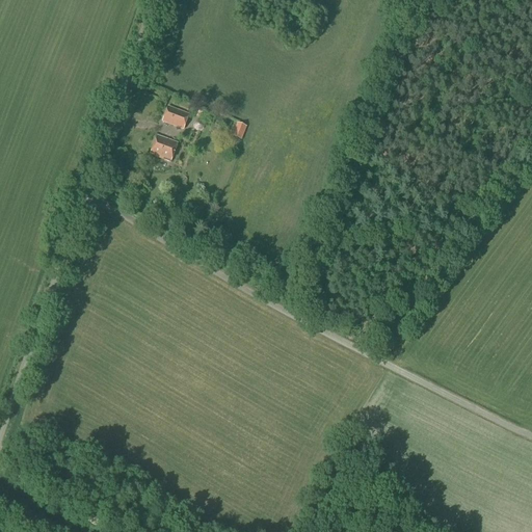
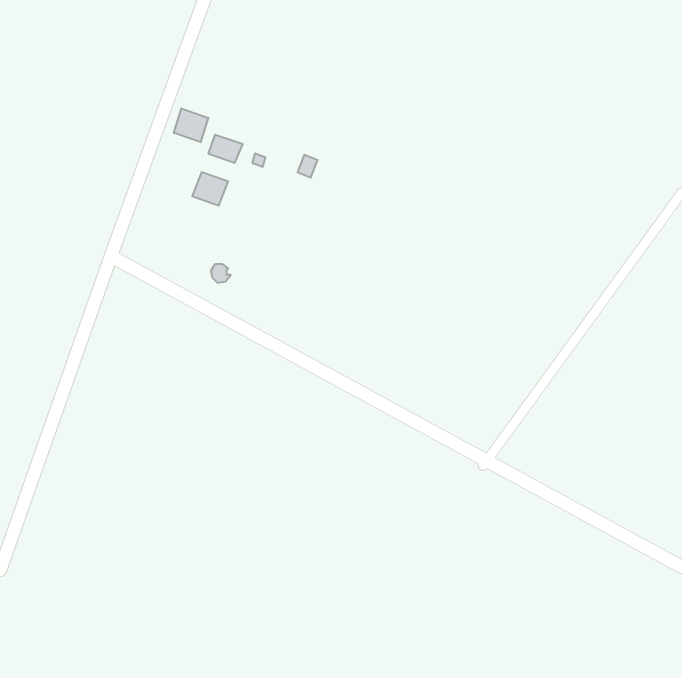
building: none -> [174,108,208,142]

